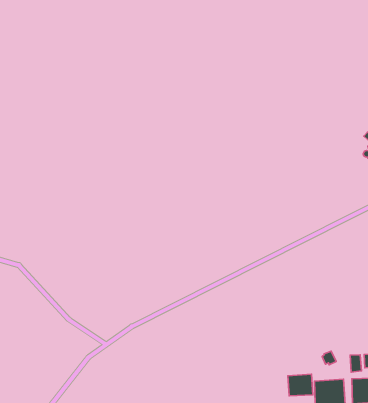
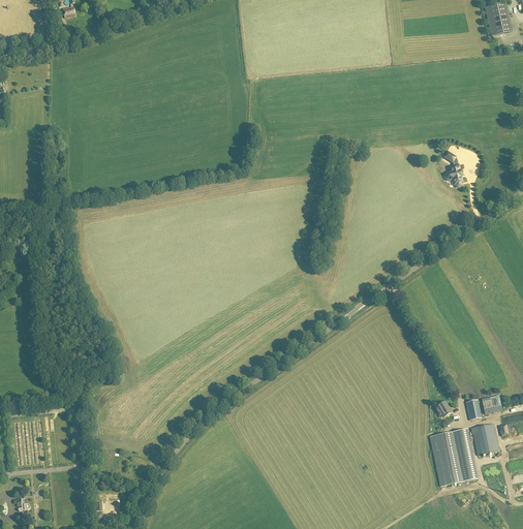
building: [288,374,313,396] -> none

